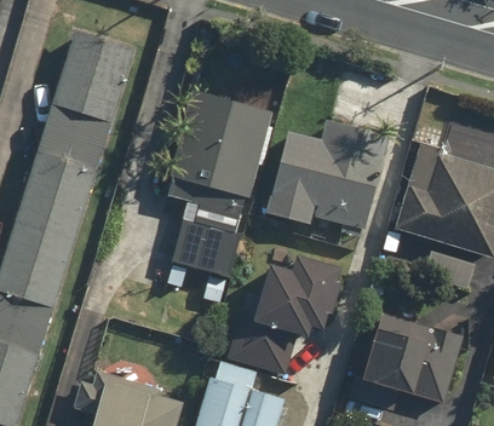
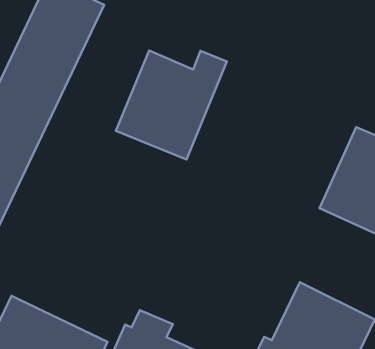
building: [260,119,391,237] -> none
building: [173,200,246,304] -> none
building: [229,254,345,376] -> none

